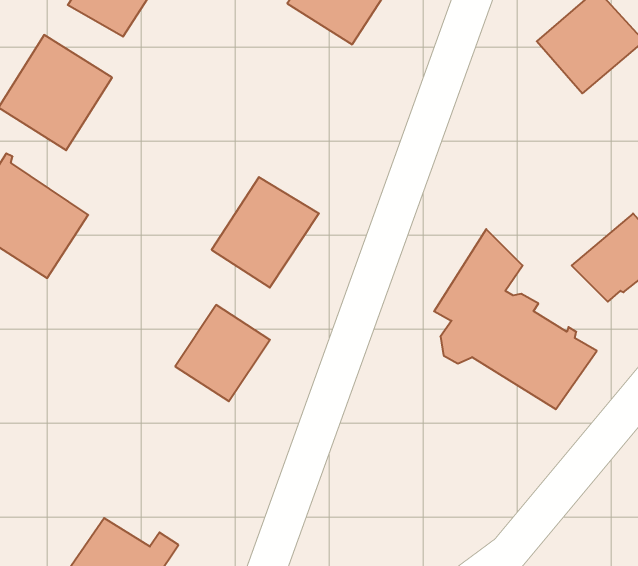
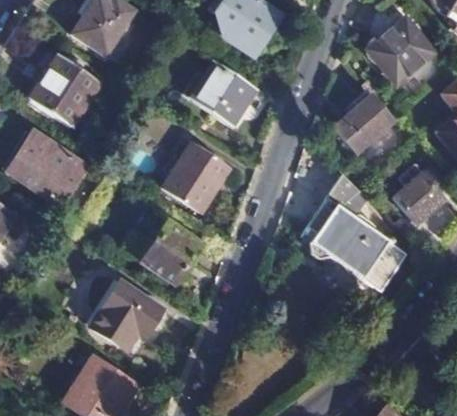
building: none -> [191,59,257,126]
building: none -> [334,90,394,154]
building: none -> [91,281,163,349]

